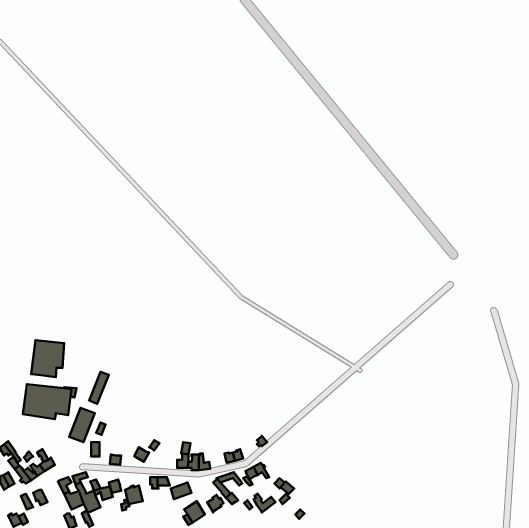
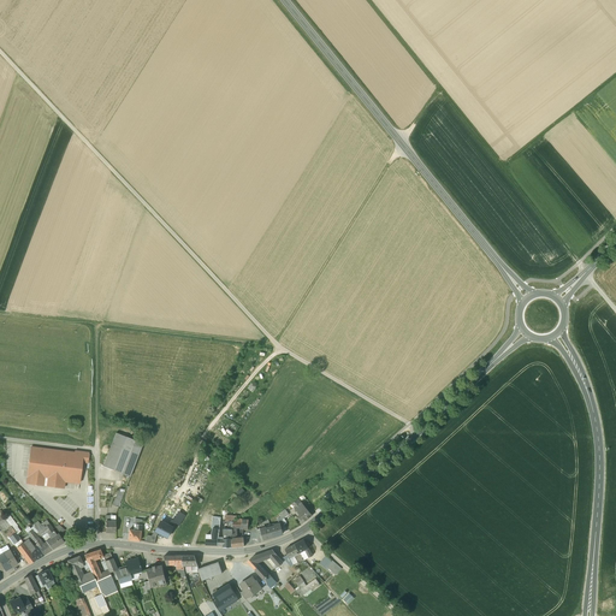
building: [31,340,64,377] -> none
building: [69,408,95,442] -> [113,436,143,475]

